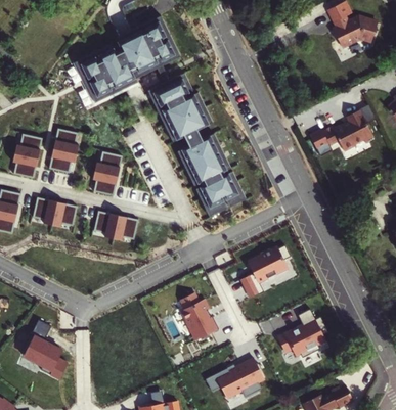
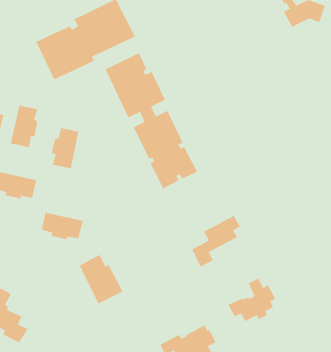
building: [320,110,373,151] -> none
building: [93,211,138,240] -> [41,212,84,240]
building: [172,290,219,344] -> [79,254,123,305]

